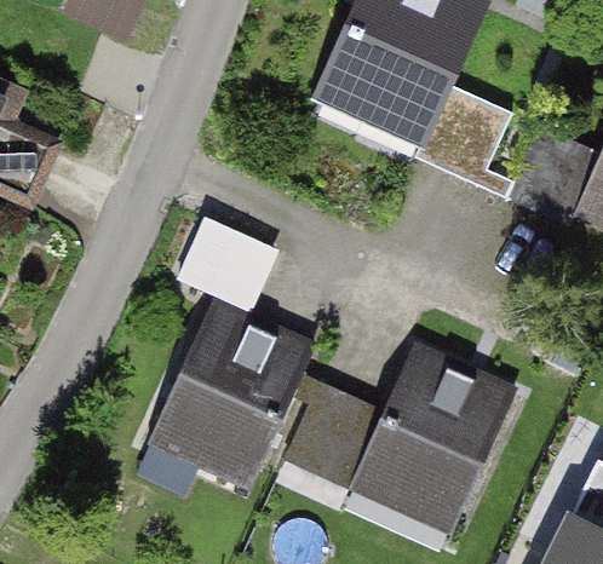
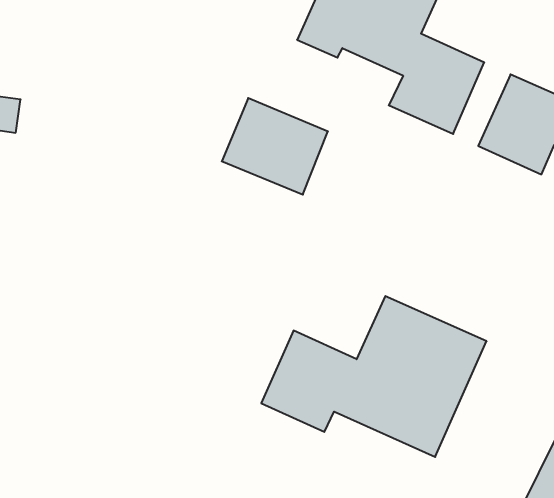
building: [174,213,282,311] -> [222,98,328,195]
building: [148,306,312,489] -> none

